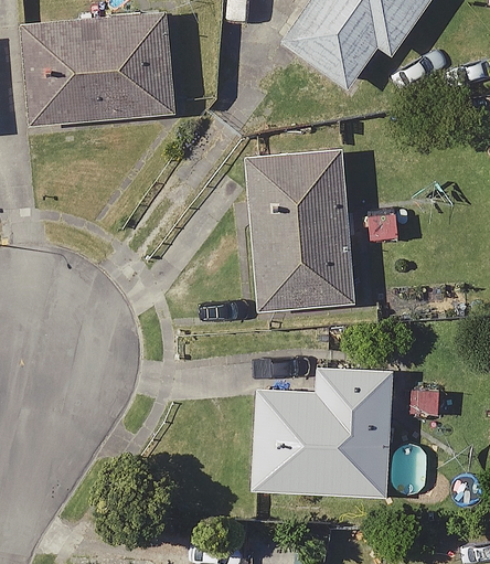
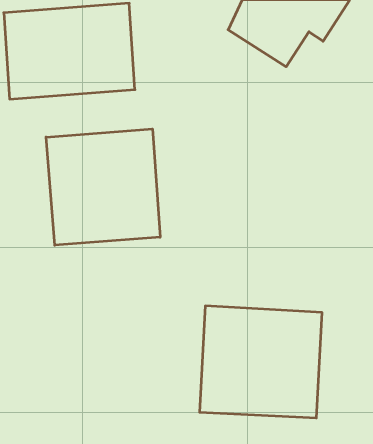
building: [245,148,354,311] -> none
building: none -> [46,129,160,245]

